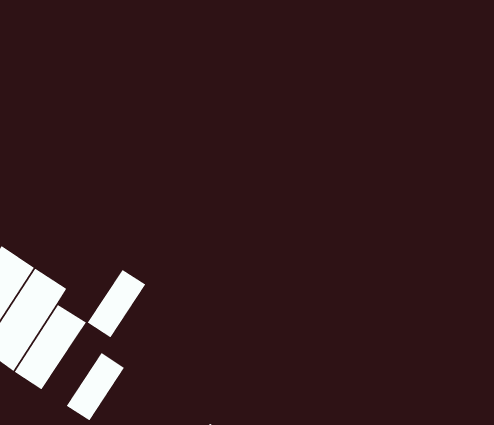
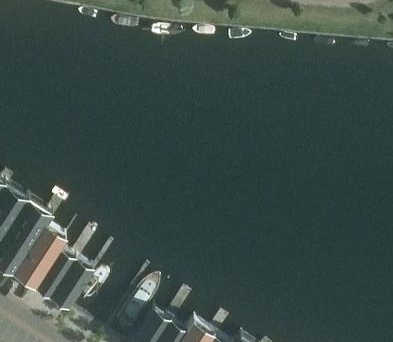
building: [87,269,146,338] -> [33,246,75,295]

